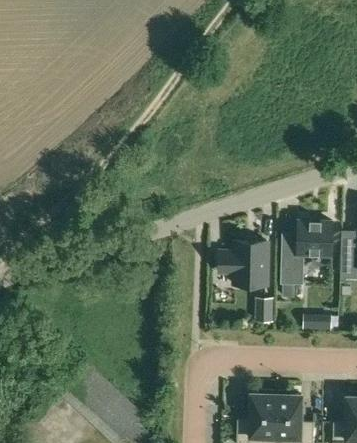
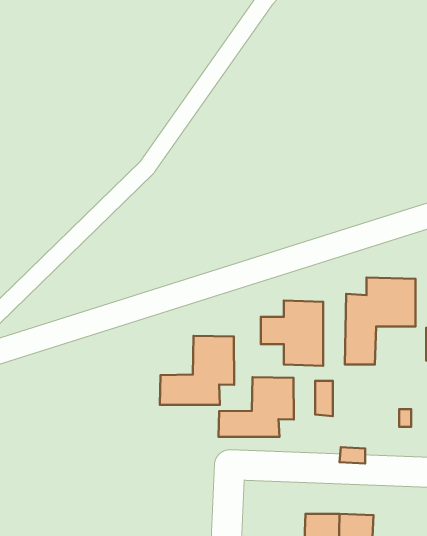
building: none -> [160,336,234,405]
building: none -> [219,377,294,437]

